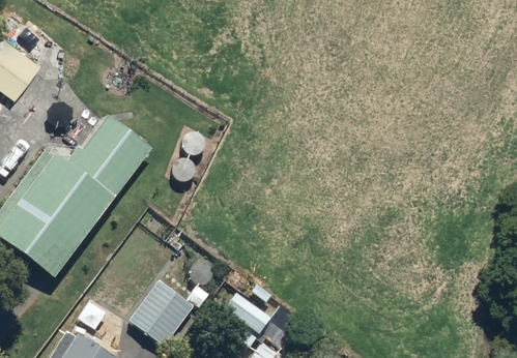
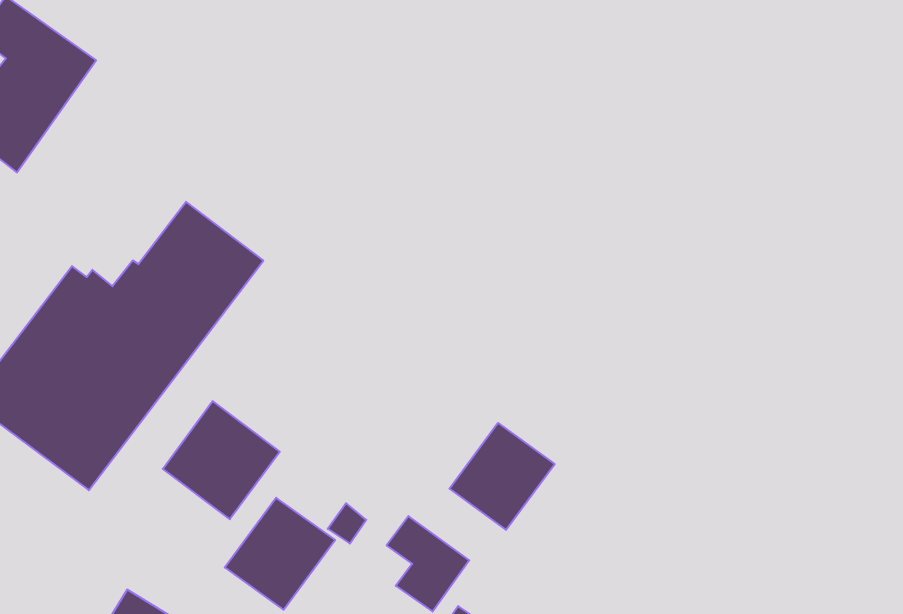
building: none -> [163,401,280,519]
building: none -> [449,423,555,530]

